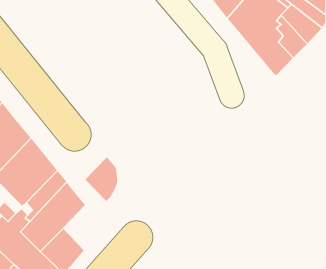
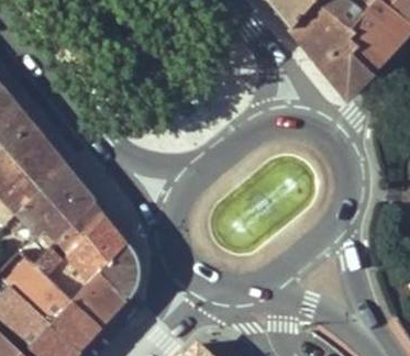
building: [85,156,118,202] -> [100,244,140,298]

